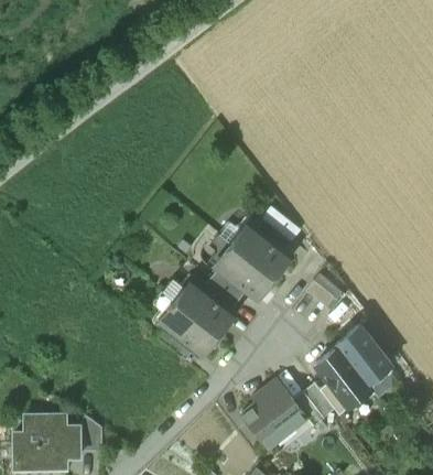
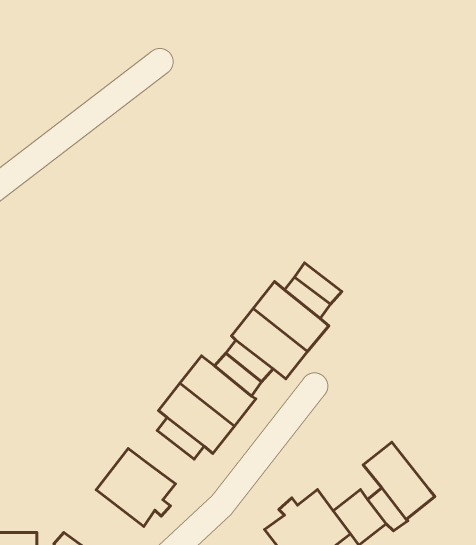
building: [310,270,349,307] -> none
building: [336,325,389,382] -> none
building: none -> [96,448,175,526]

